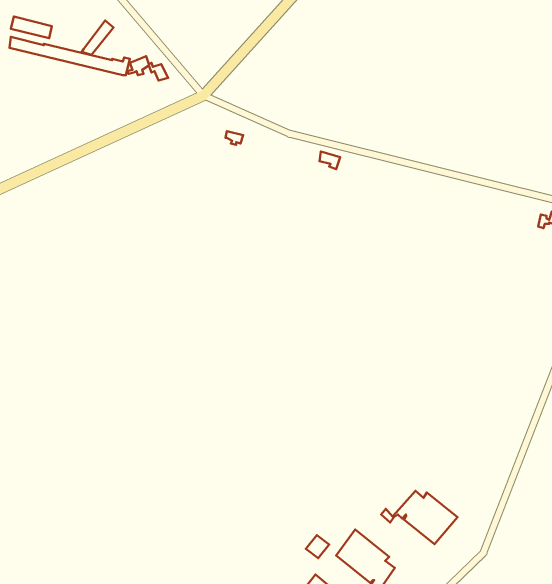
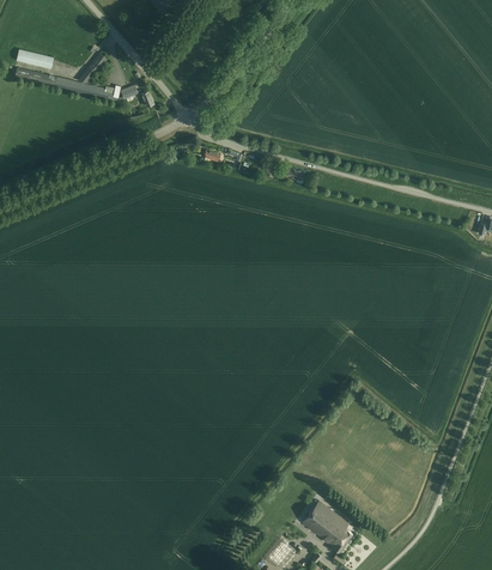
building: [381,491,458,544] -> none

